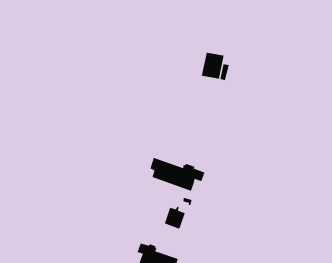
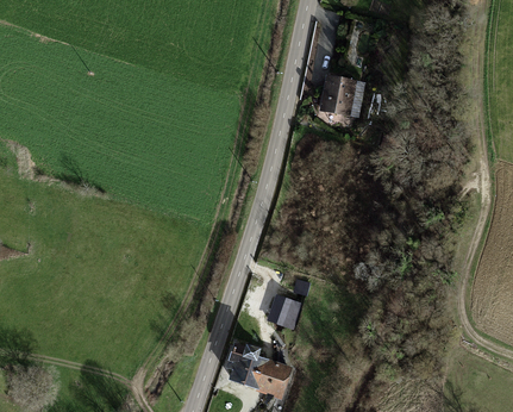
building: [149,157,205,192] -> none

